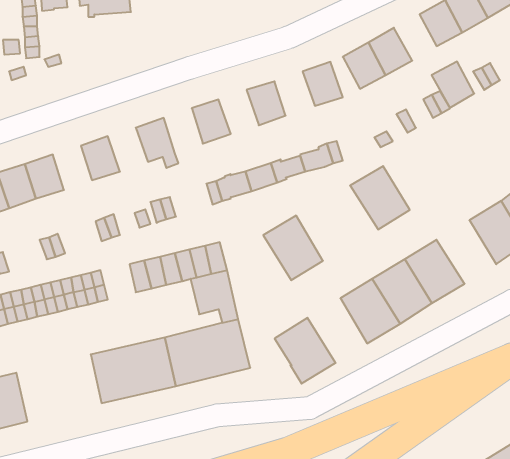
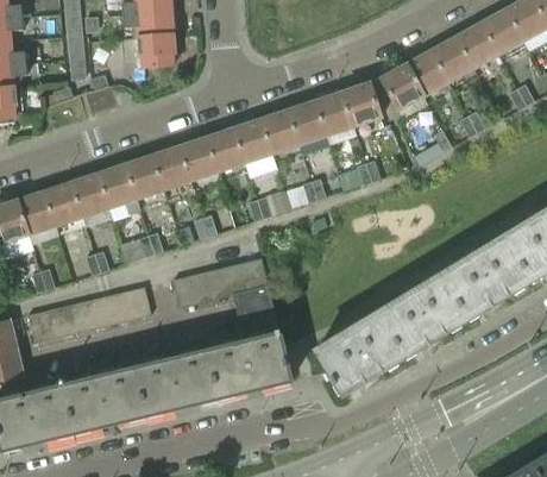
building: none -> [138,33,175,67]
building: [432,62,474,108] -> [430,36,472,81]
building: none -> [314,92,353,134]
building: none -> [259,109,298,152]
building: none -> [206,127,244,171]
building: none -> [151,146,190,189]
building: none -> [98,164,140,214]
building: [350,166,410,229] -> [472,237,530,299]
building: [263,216,323,280] -> [346,313,404,376]
building: none -> [62,368,145,433]

